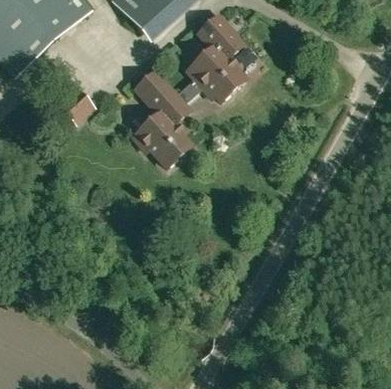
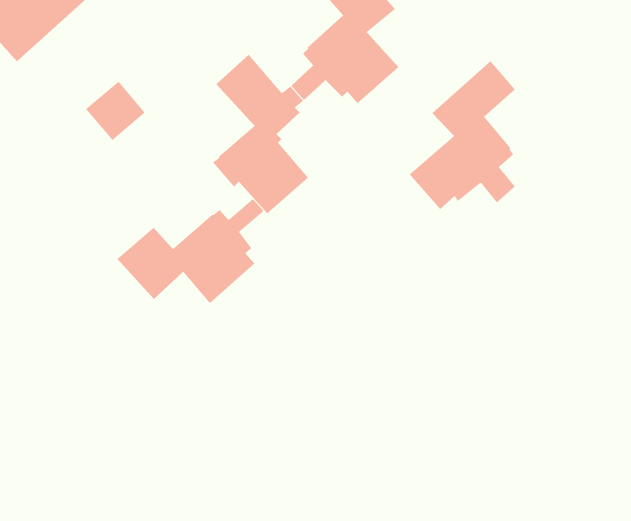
building: none -> [409,61,515,210]
building: none -> [116,198,264,304]

